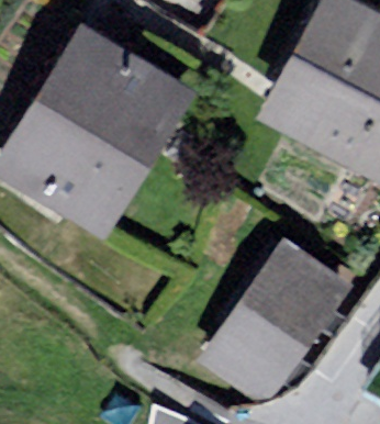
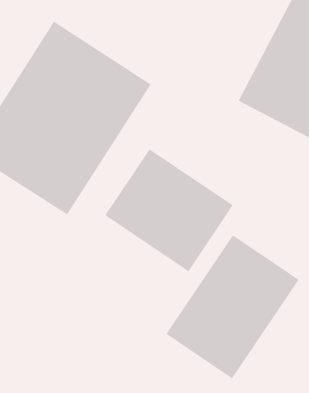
building: none -> [105,148,234,272]

